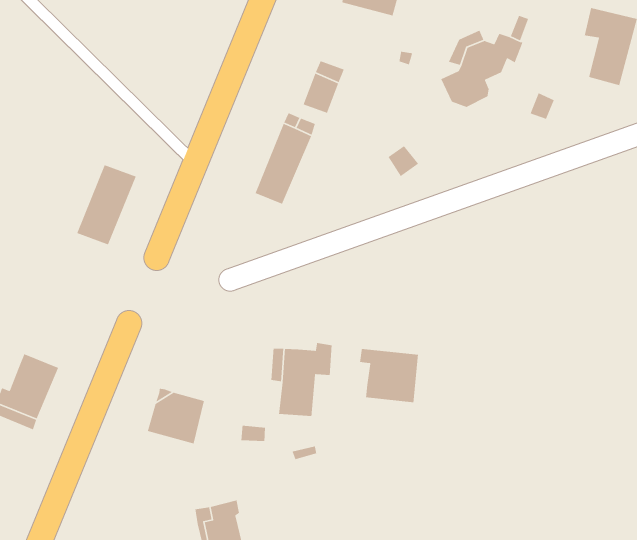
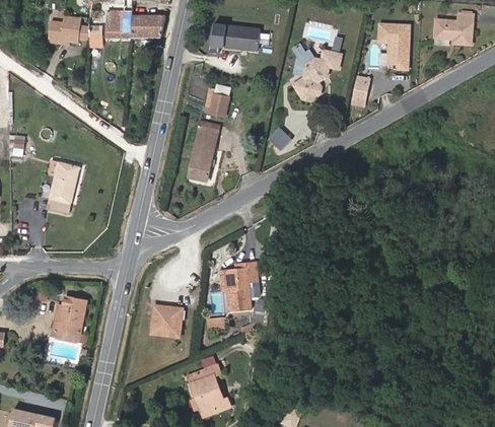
building: [76,164,137,245] -> [47,163,78,213]
building: [359,348,419,403] -> none

